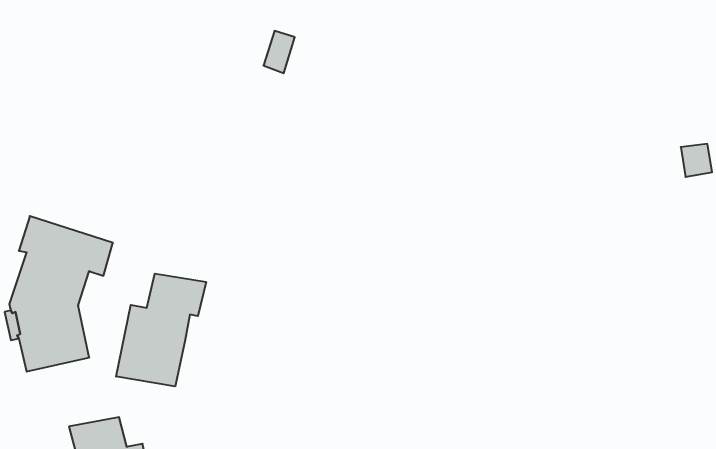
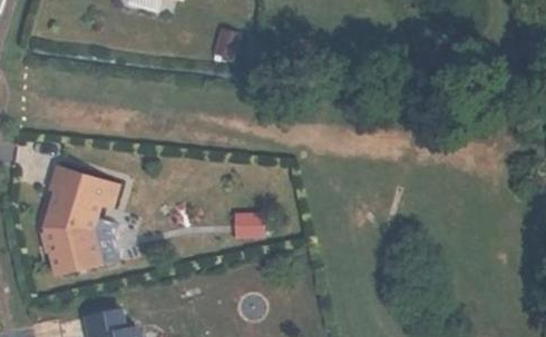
building: [116,274,206,386] -> none

